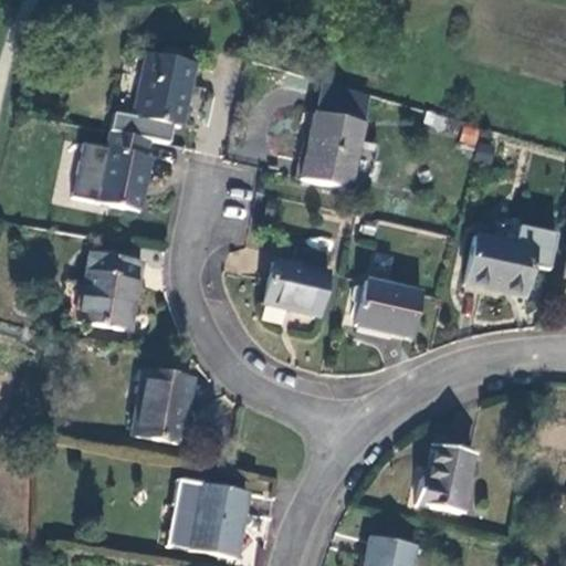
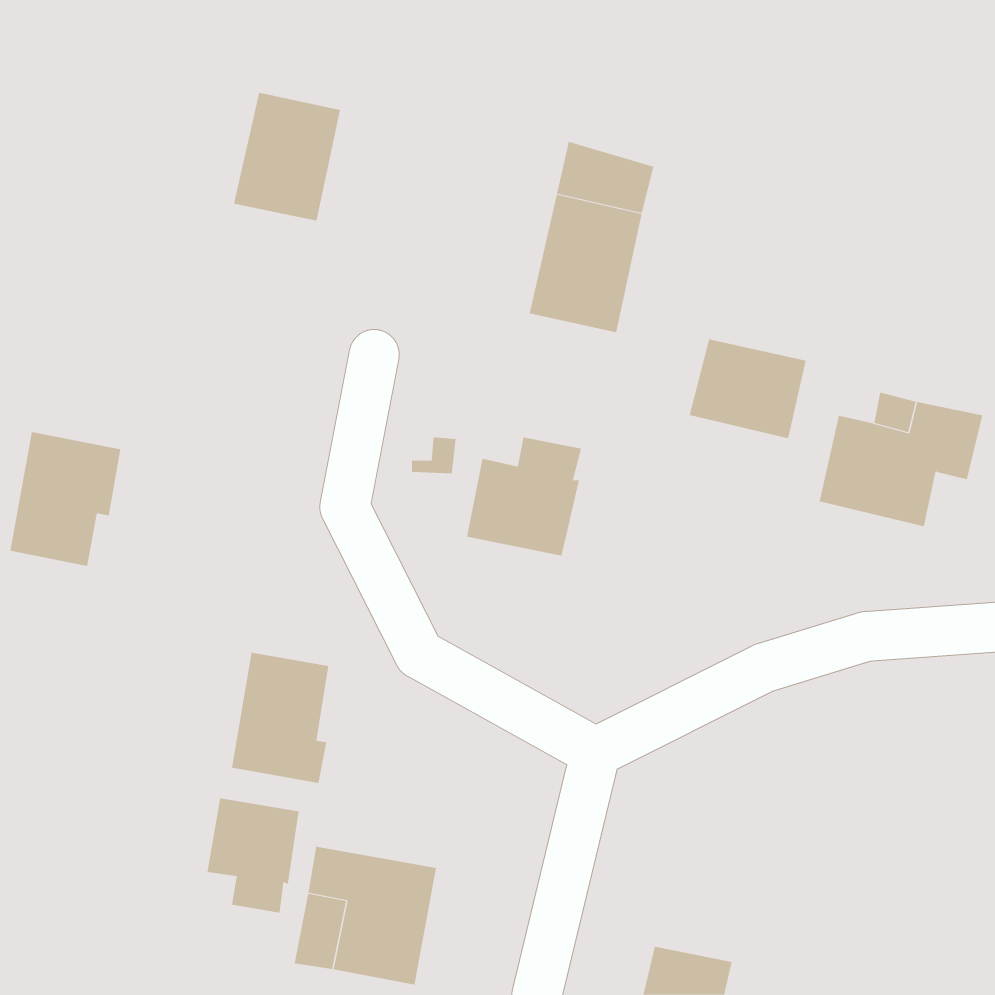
building: [73,130,154,210] -> none
building: [81,251,144,327] -> [9,431,121,567]
building: [357,280,423,336] -> [689,339,806,439]
building: [417,442,475,511] -> none
building: none -> [207,797,299,914]

